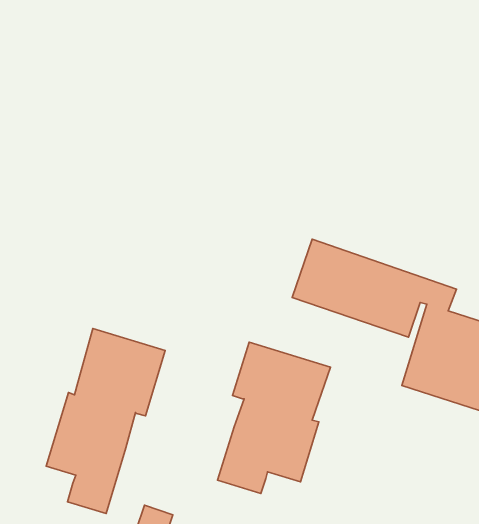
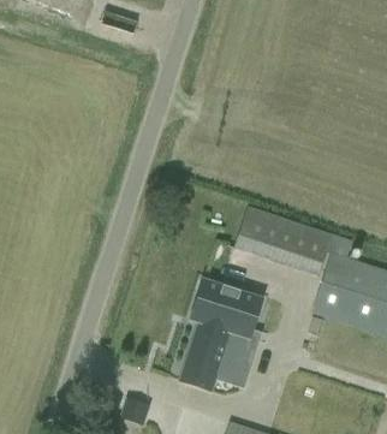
building: [46,328,165,513] -> none

